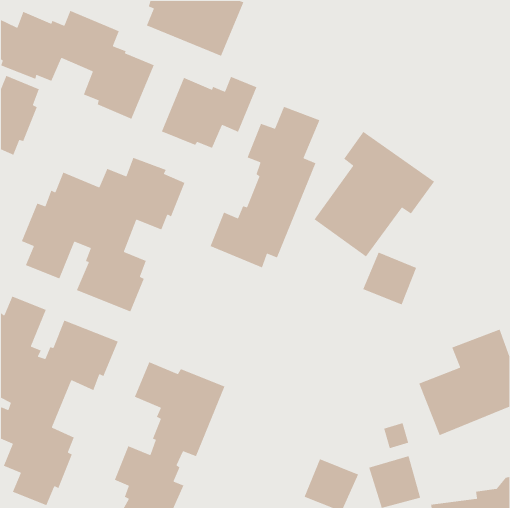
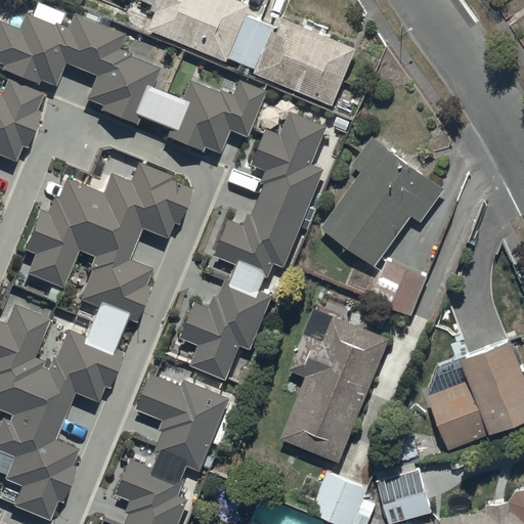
building: none -> [255,15,357,104]
building: none -> [181,277,273,379]
building: none -> [281,315,391,463]

